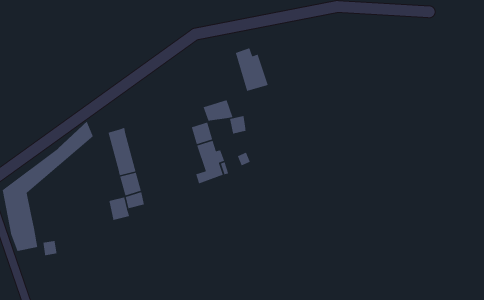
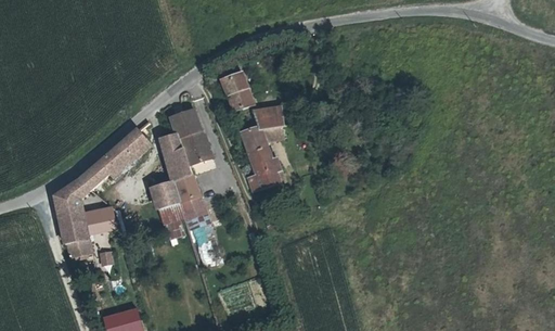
building: [235,47,269,92] -> [220,66,255,112]
building: none -> [173,109,206,162]
building: none -> [150,178,178,209]
building: none -> [83,214,116,235]

